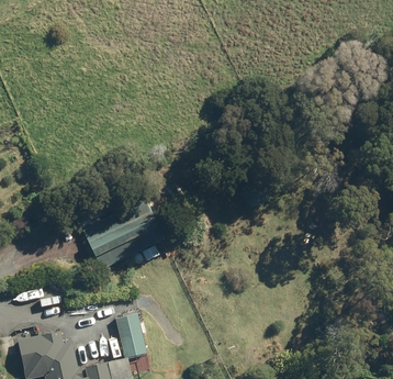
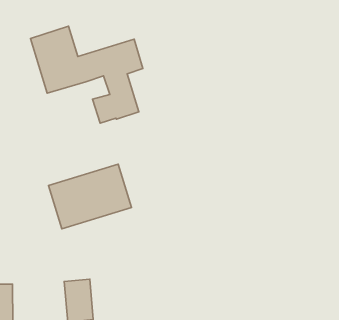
building: none -> [30,26,143,123]

